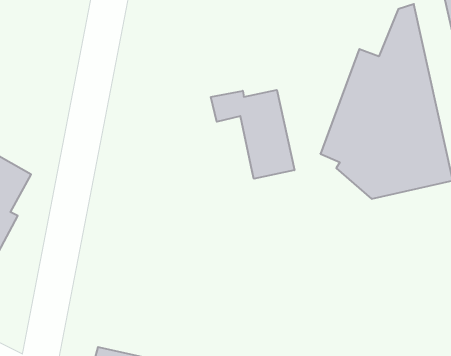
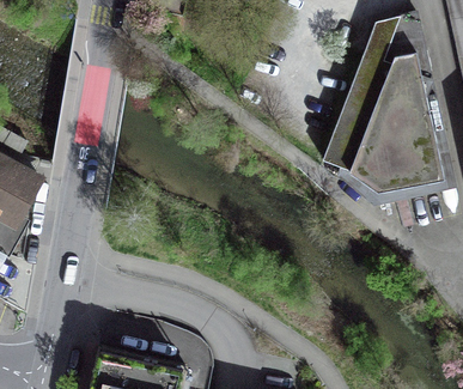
building: [211,90,294,179] -> none

